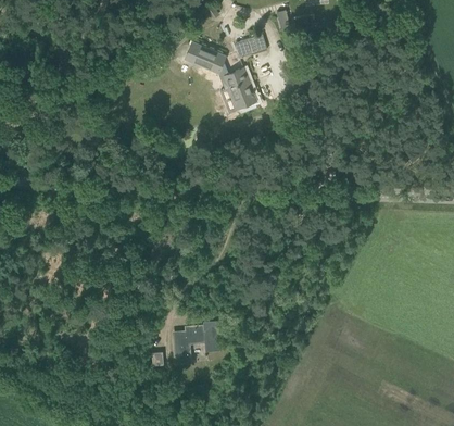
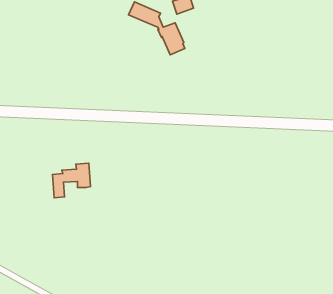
building: [174,318,222,362] -> [52,163,90,198]

